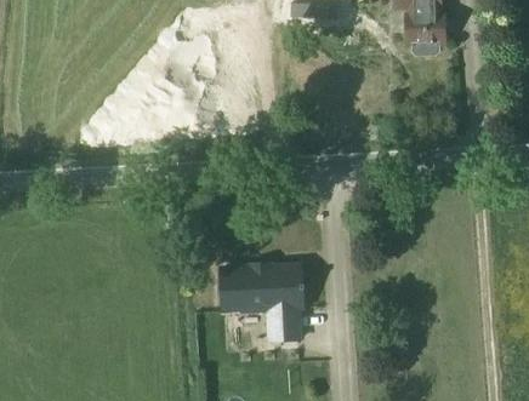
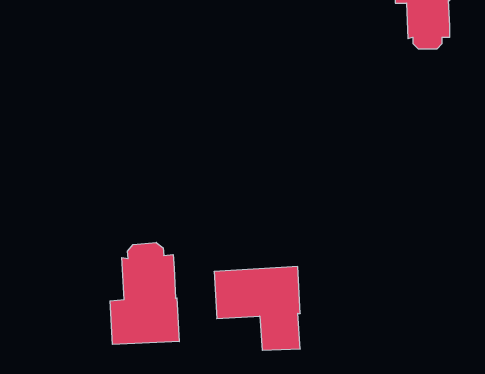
building: none -> [110,242,179,344]

